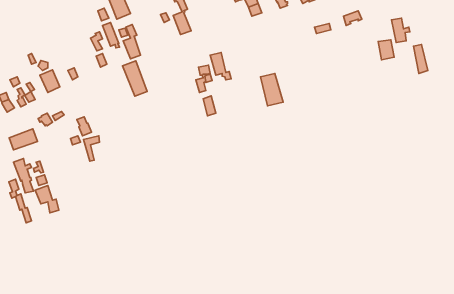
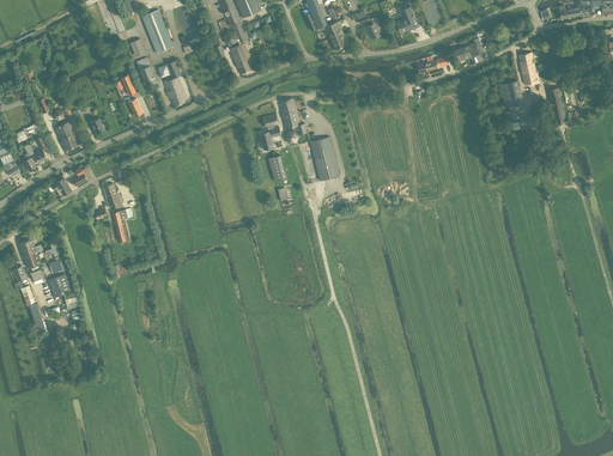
building: [123,61,147,96] -> none
building: [260,73,283,106] -> [309,136,339,180]
building: [9,129,38,150] -> none

